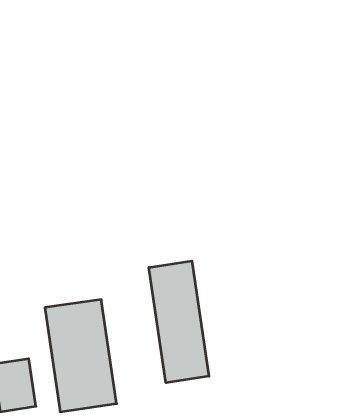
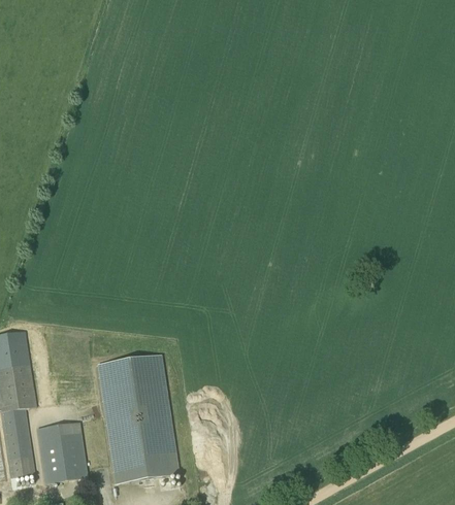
building: [149,261,209,383] -> none

